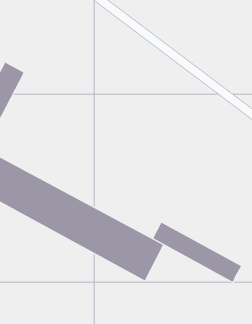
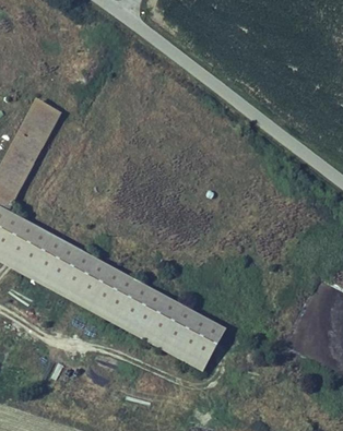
building: [152,222,242,283] -> none

